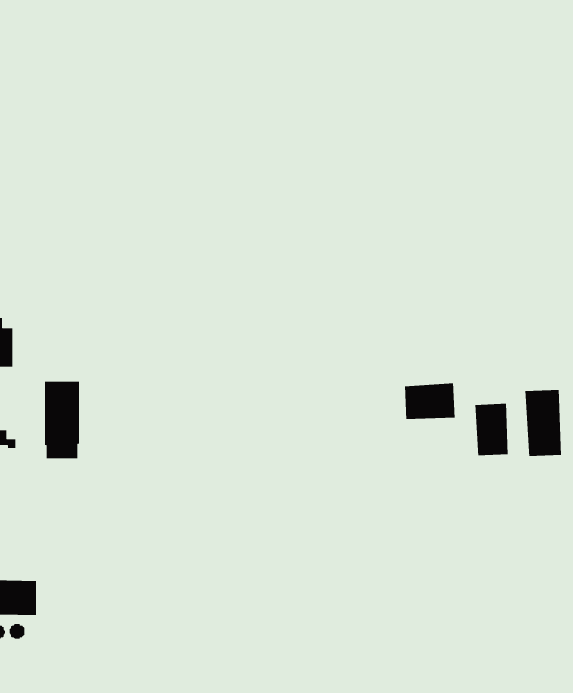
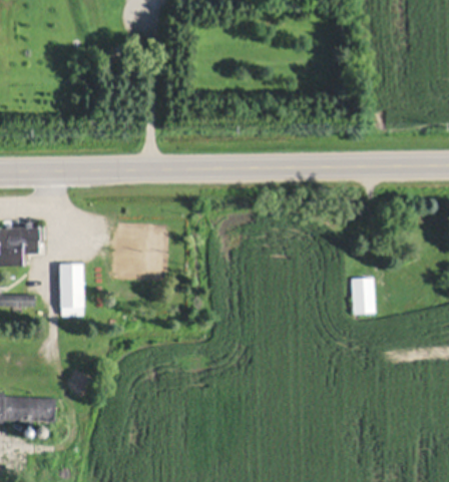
building: [404,383,455,420] -> none
building: [524,389,562,457] -> none

